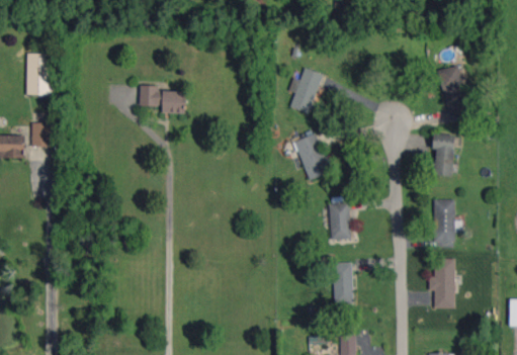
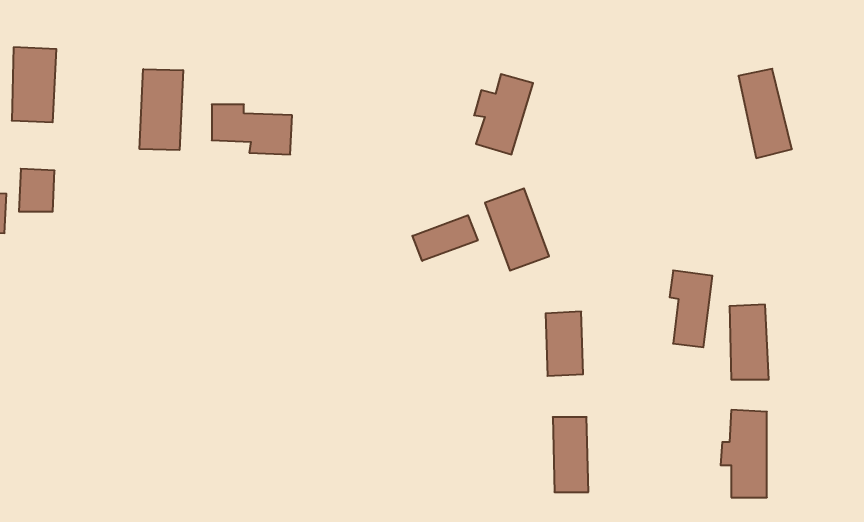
building: none -> [140,69,183,150]
building: [431,132,455,176] -> [670,270,712,347]
building: none -> [412,215,478,261]

